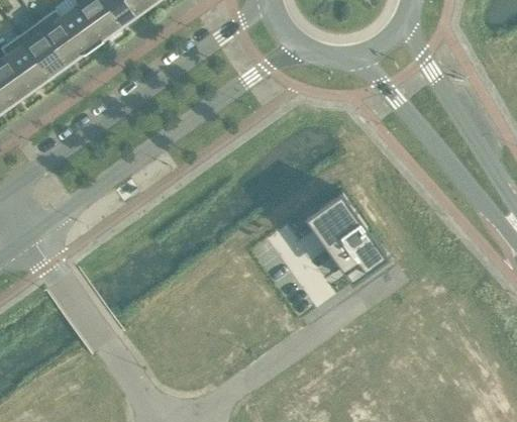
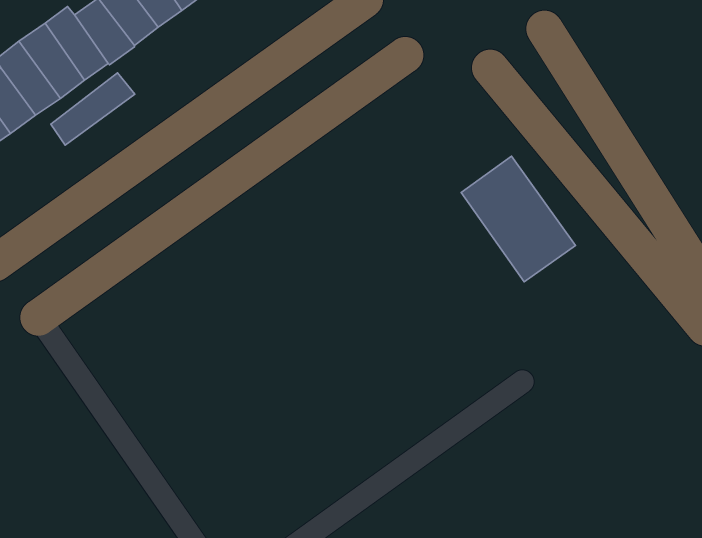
building: none -> [51,73,135,145]
building: [303,191,386,282] -> [461,156,576,282]

